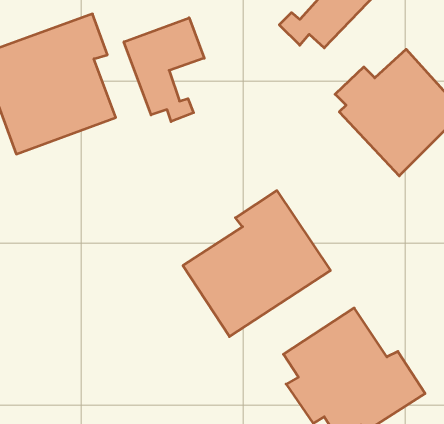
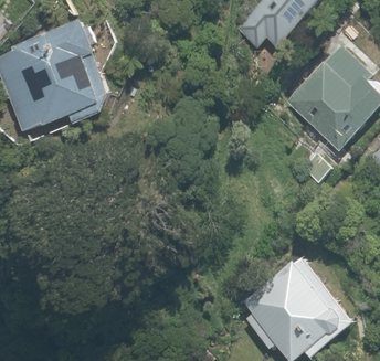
building: [124,18,204,122] -> none
building: [183,191,330,337] -> none

